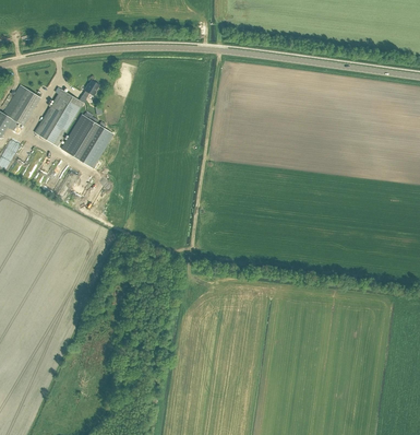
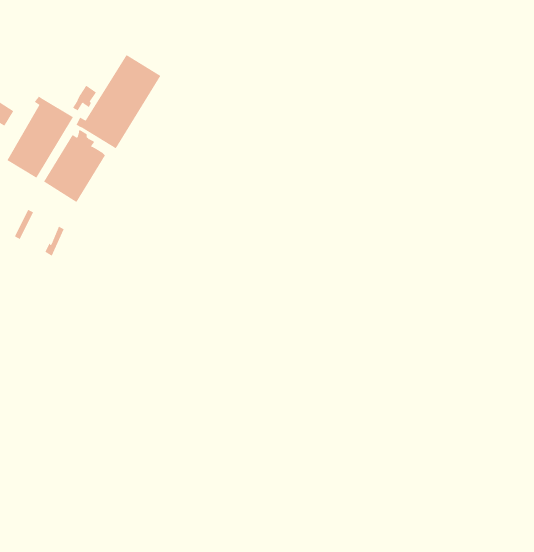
building: none -> [76,54,161,149]

